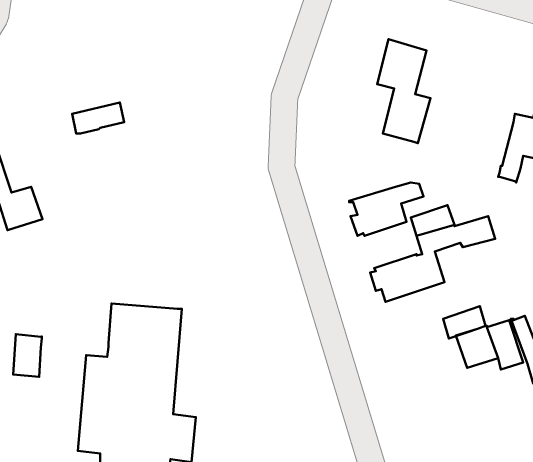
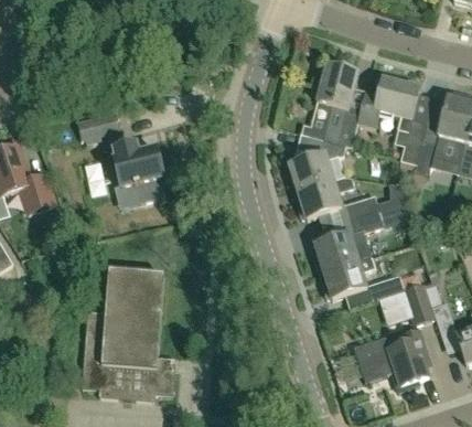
building: none -> [357,78,425,162]
building: none -> [289,132,346,190]
building: none -> [114,142,162,201]
building: none -> [322,254,375,297]
building: [13,334,42,377] -> none
building: none -> [353,329,429,389]

